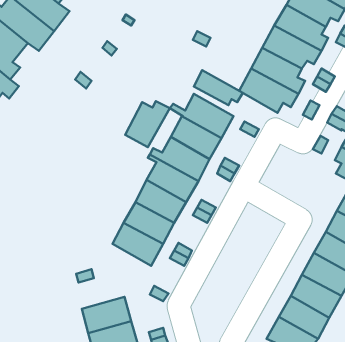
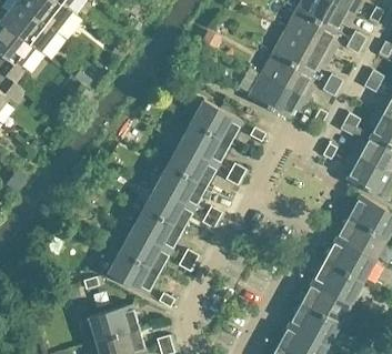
building: [194,70,243,105] -> none
building: [125,101,170,147] -> none
building: none -> [107,251,159,295]

